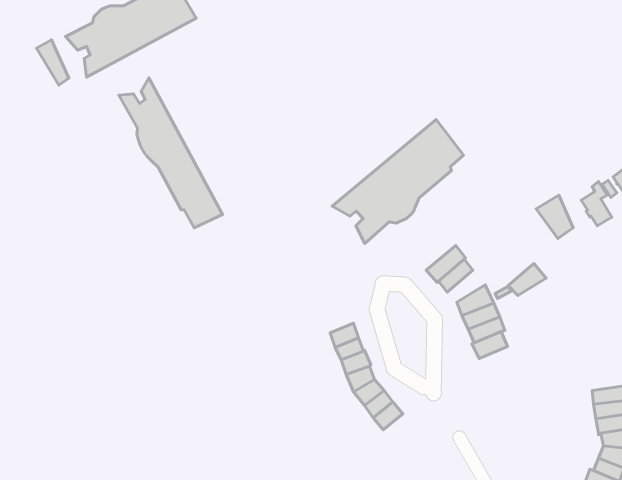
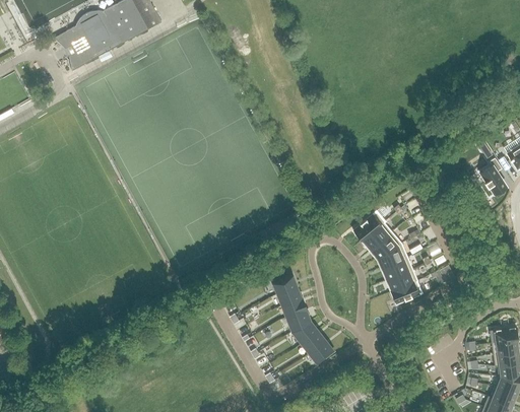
building: [36,40,69,85] -> none
building: [119,78,223,228] -> none
building: [332,120,464,244] -> none
building: [536,195,573,239] -> none
building: [508,263,546,295] -> [370,231,401,258]

